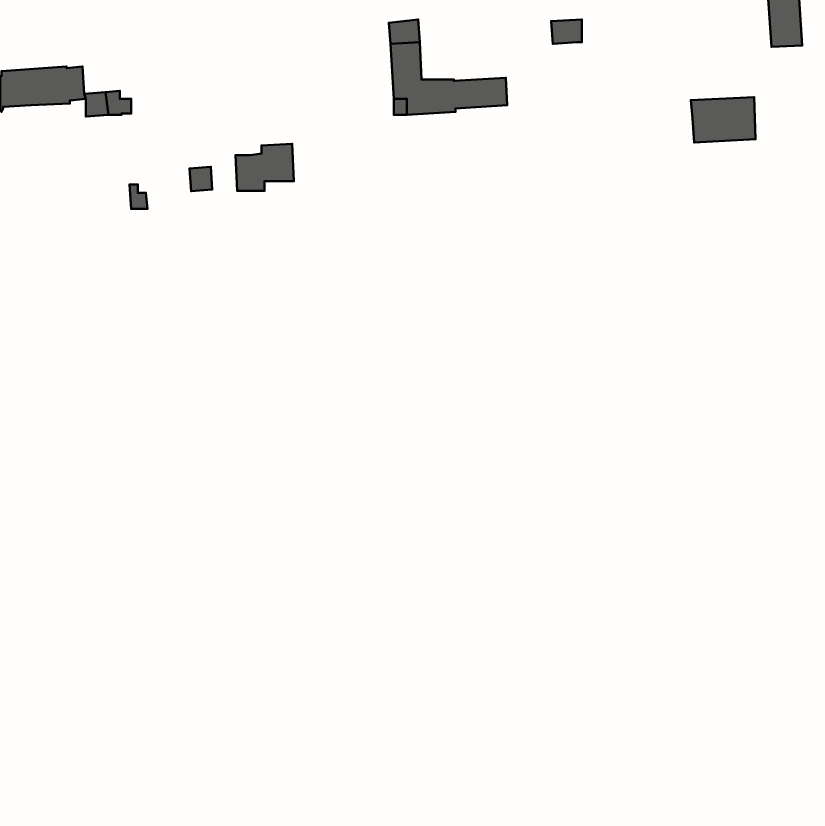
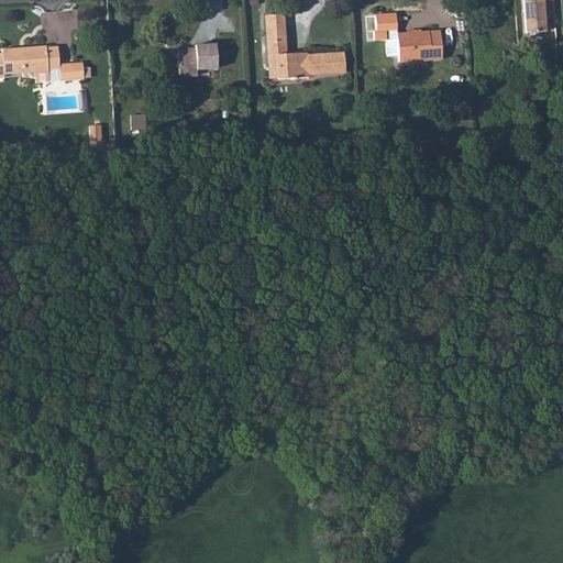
building: [691,97,756,142] -> [398,30,442,60]
building: [235,144,294,191] -> [178,43,218,75]

